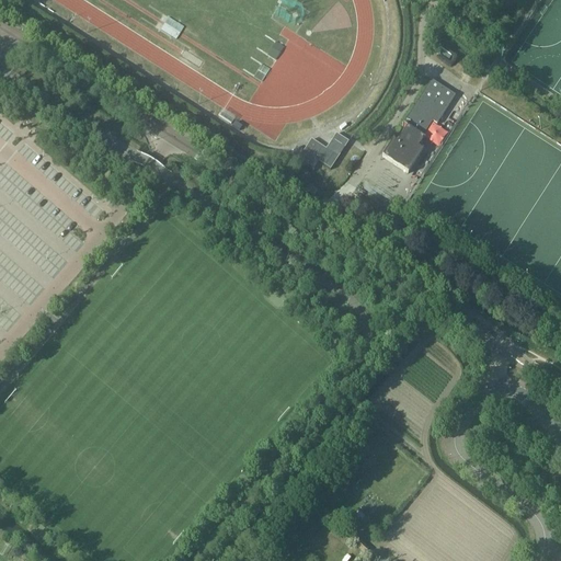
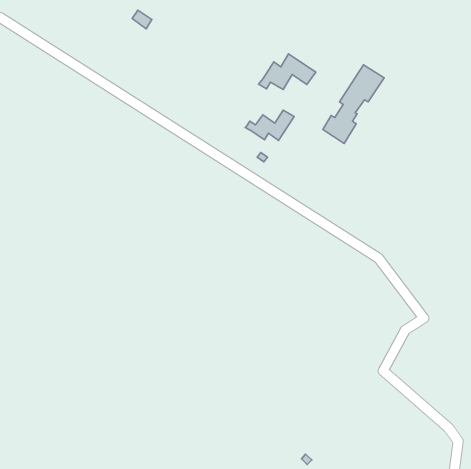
building: none -> [259,54,316,89]

